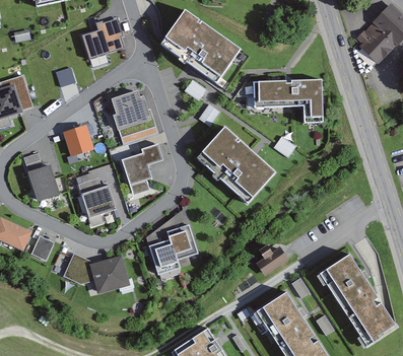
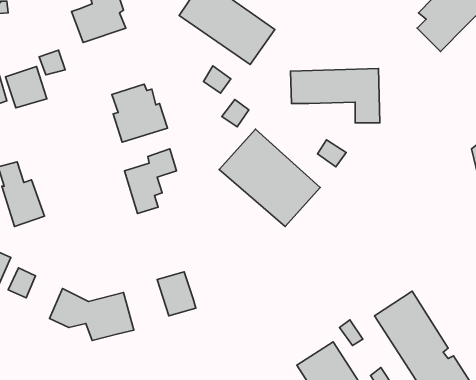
building: [63,123,95,155] -> [5,67,47,108]
building: [79,179,118,227] -> none
building: [167,224,199,261] -> none
building: [256,245,289,275] -> none

